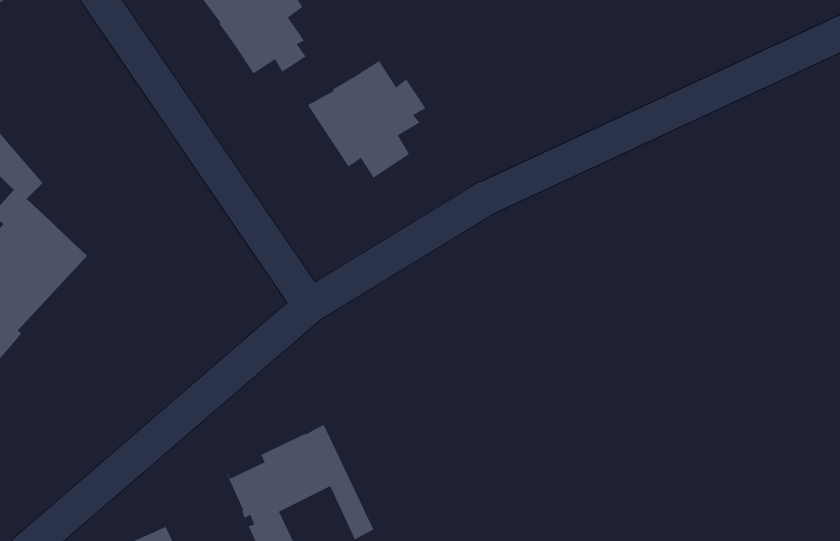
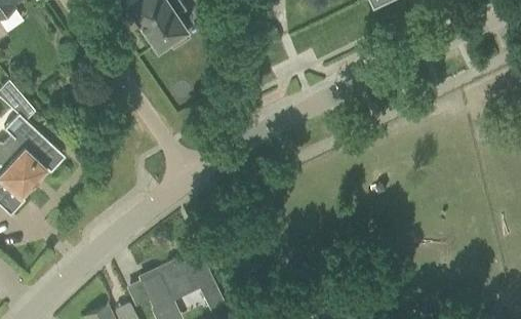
building: [307,60,426,179] -> none

